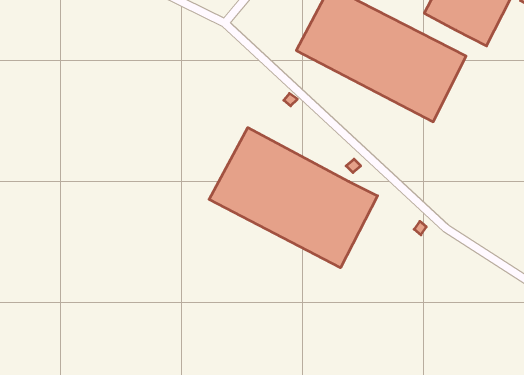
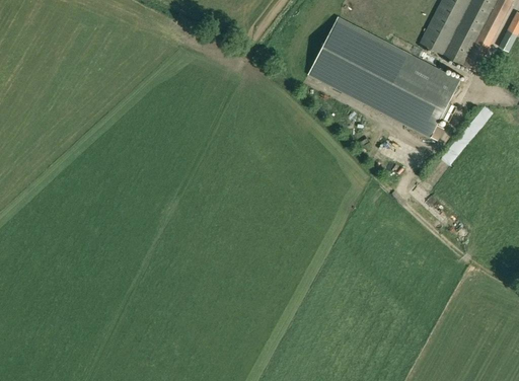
building: [209,128,378,268] -> none

